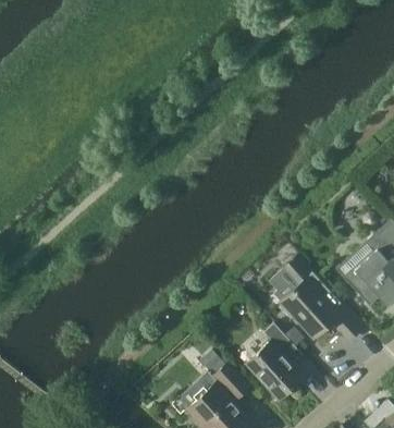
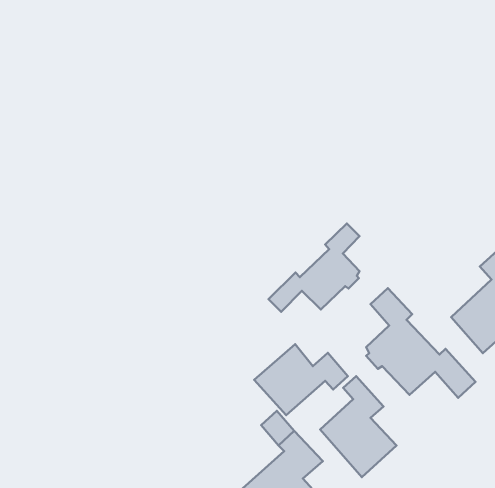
building: none -> [268,223,360,312]
building: none -> [254,344,348,415]

